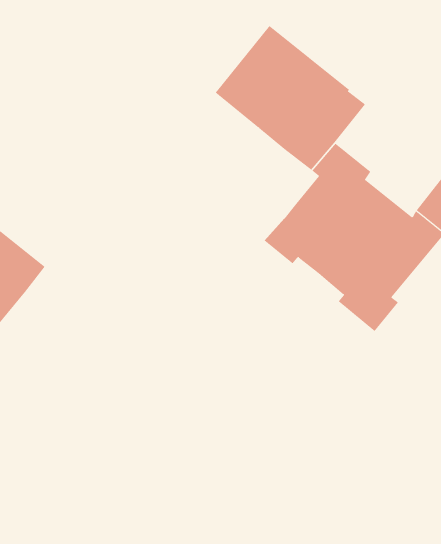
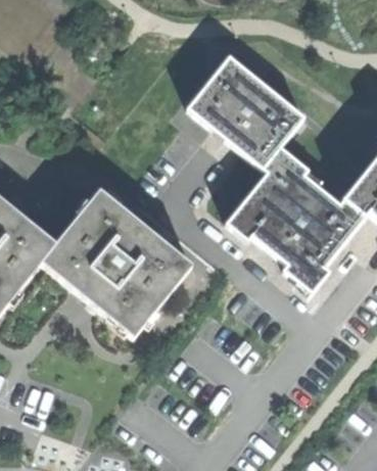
building: none -> [41,188,191,335]

